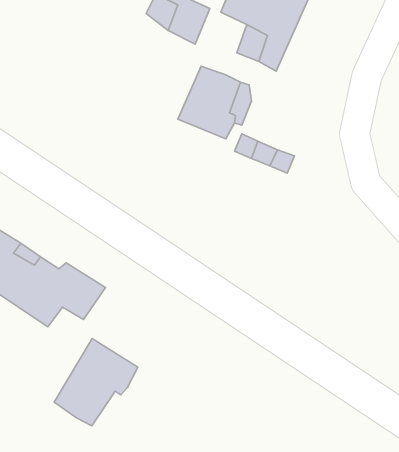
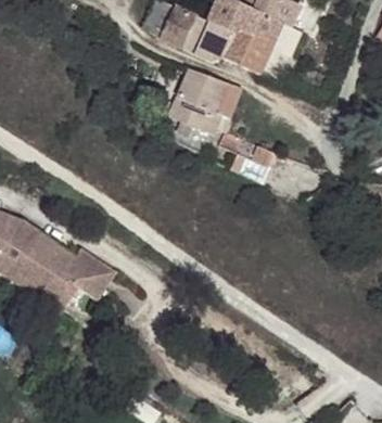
building: none -> [186,18,231,62]
building: [54,339,138,426] -> none

